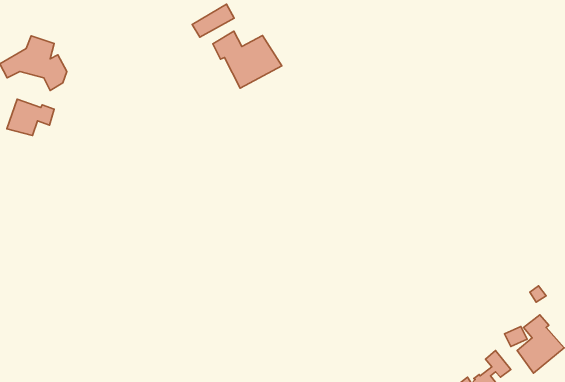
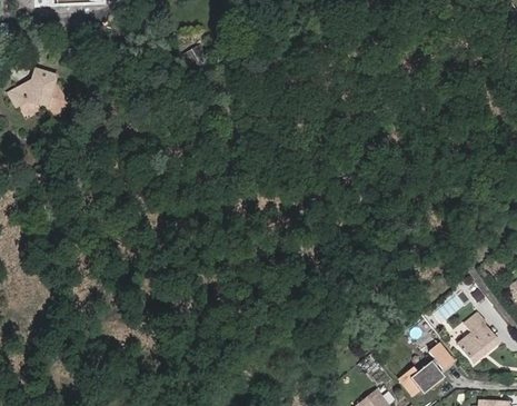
building: [213,31,282,88] -> none
building: [7,99,54,136] -> none

